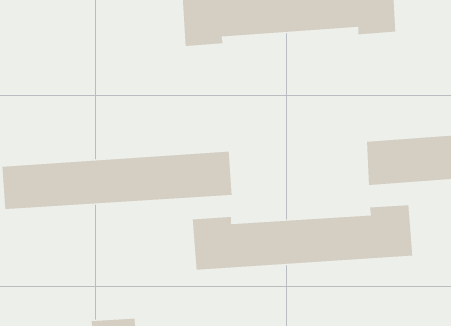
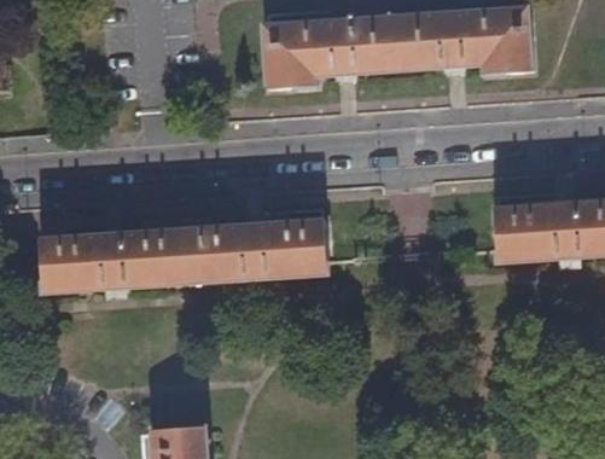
building: [192,204,413,270] -> none

